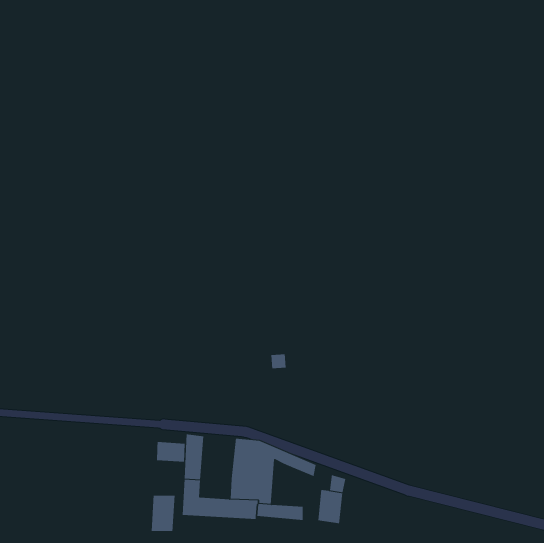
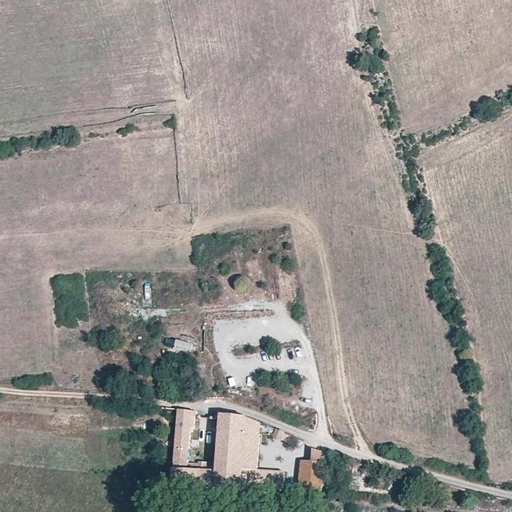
building: [157,441,185,462] -> none
building: [151,495,175,532] -> none

